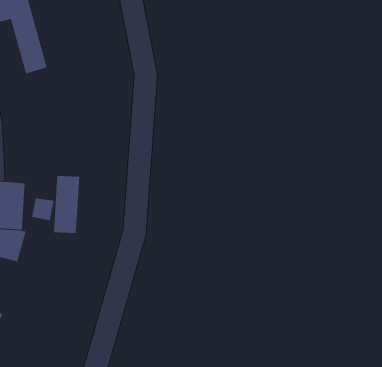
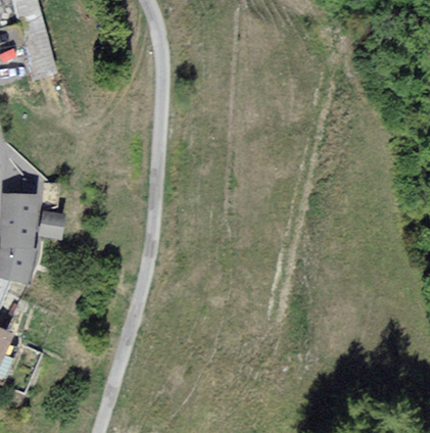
building: [53,175,80,234] -> none

